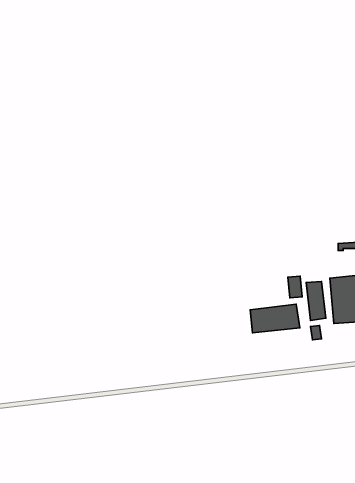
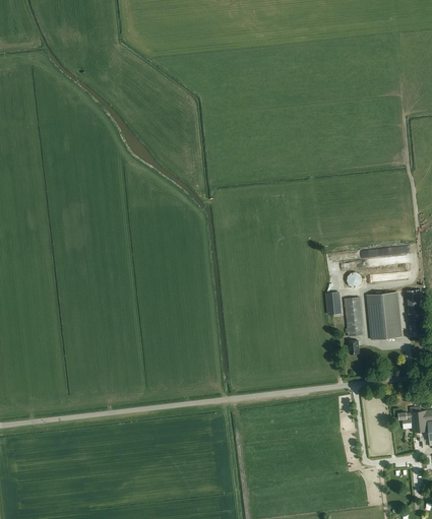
building: [250,304,300,333] -> none

